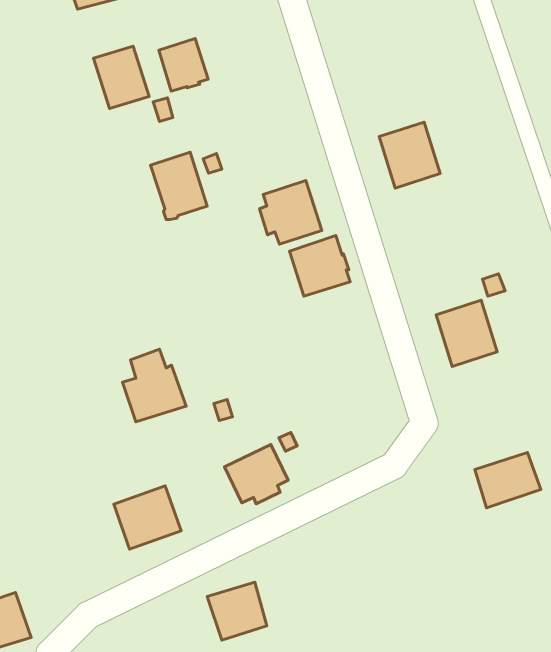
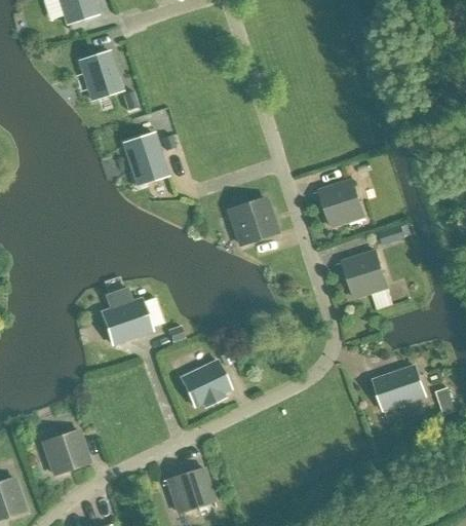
building: [159,39,208,91] -> none
building: [379,122,440,188] -> [320,178,367,229]
building: [259,180,322,244] -> none
building: [114,486,181,549] -> [42,426,94,476]

